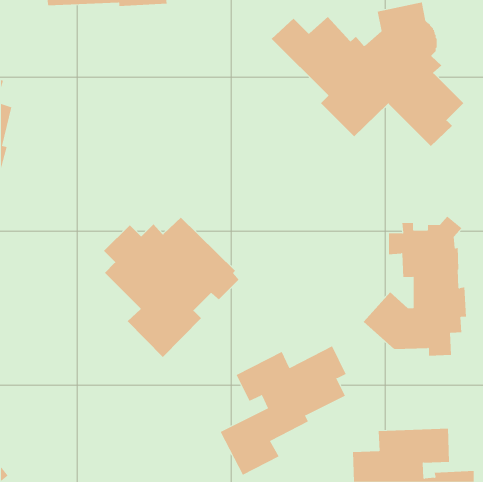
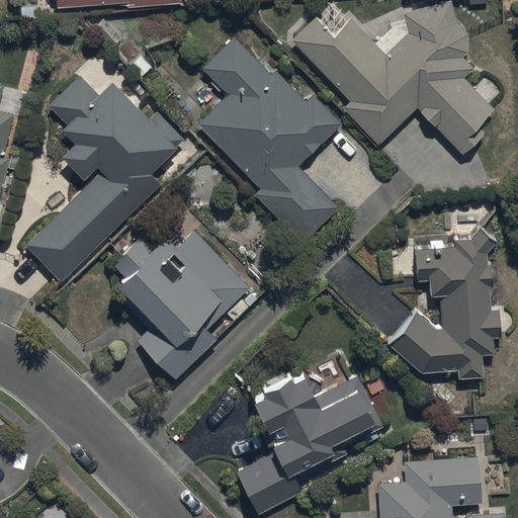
building: none -> [198,37,343,242]
building: none -> [25,75,186,281]

